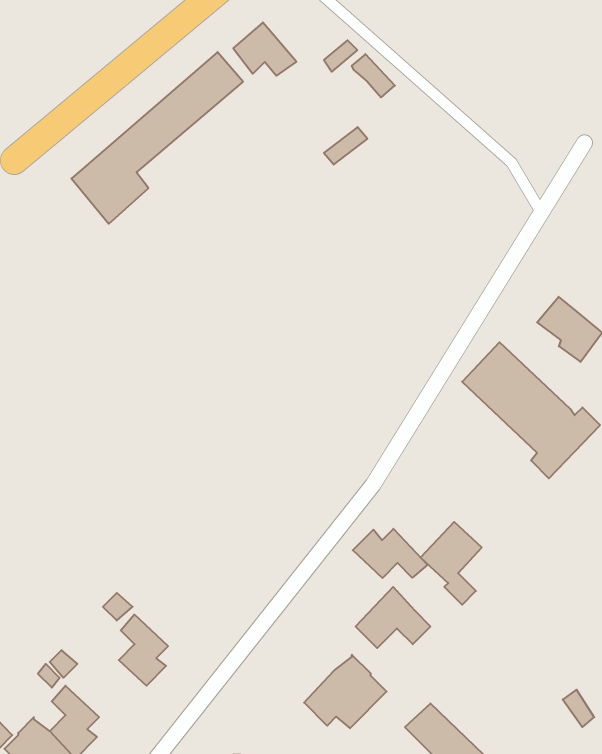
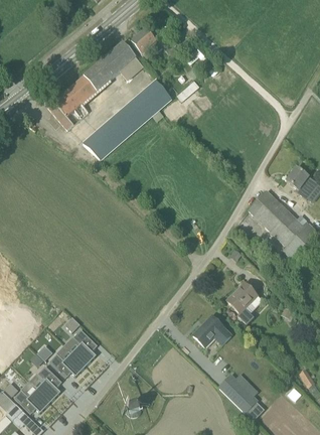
building: none -> [83,81,171,159]
building: [353,529,428,578] -> none
building: [304,655,387,728] -> none
building: none -> [49,352,87,378]

